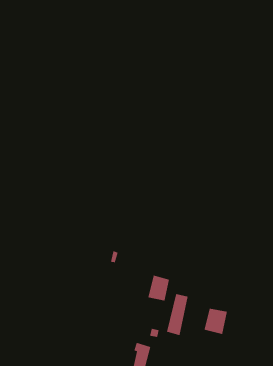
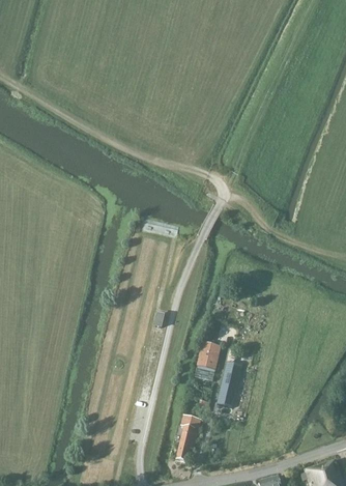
building: [204,308,228,335] -> none

